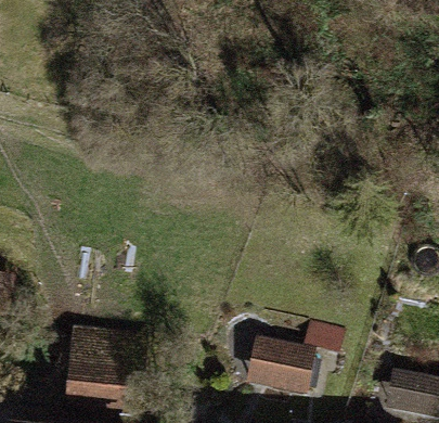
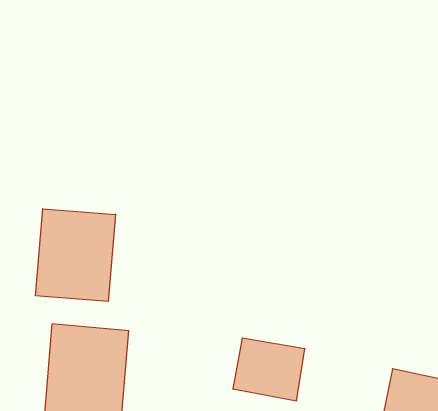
building: none -> [35,209,116,301]

